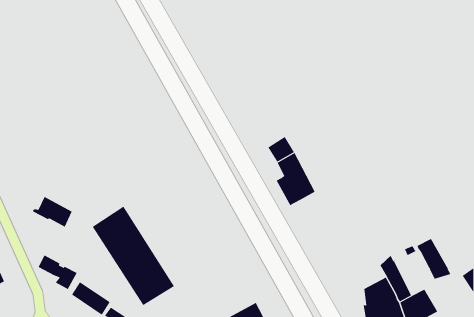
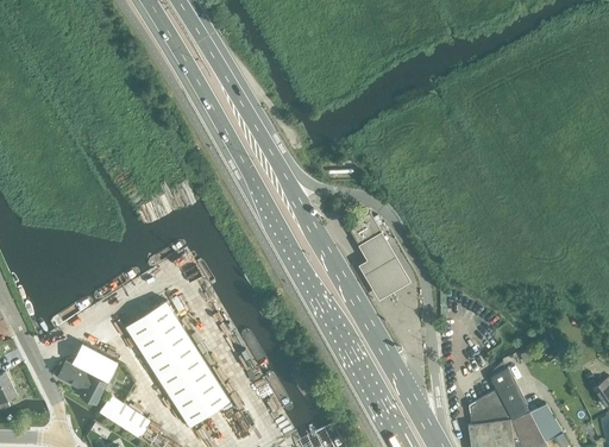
building: [32,196,73,227] -> [67,344,118,383]
building: [417,238,451,280] -> none

